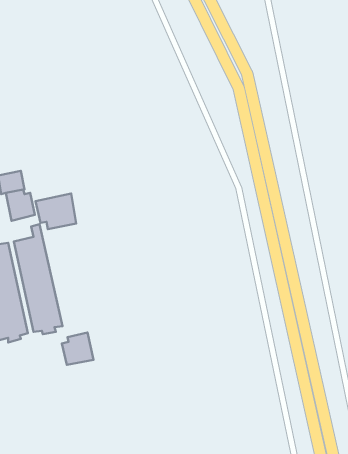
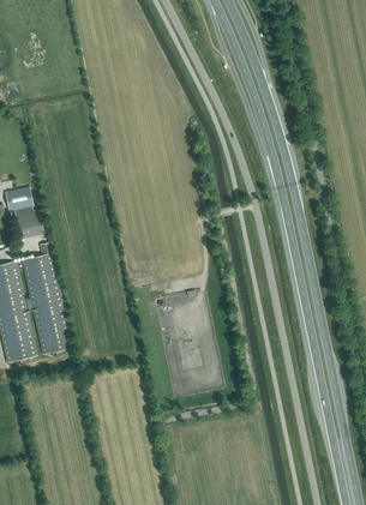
building: [36,194,76,229] -> none
building: [62,333,94,365] -> none

